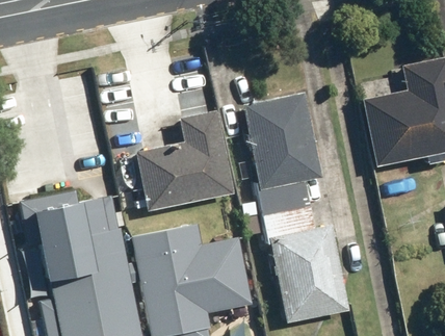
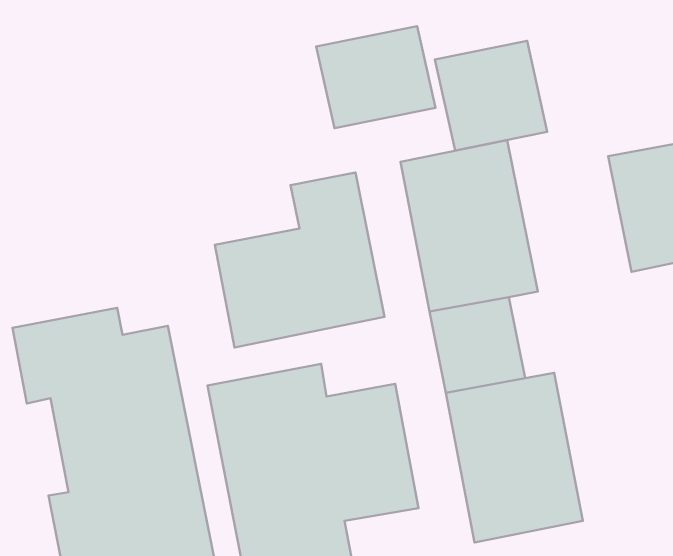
building: none -> [316,26,435,128]
building: none -> [435,41,547,151]

